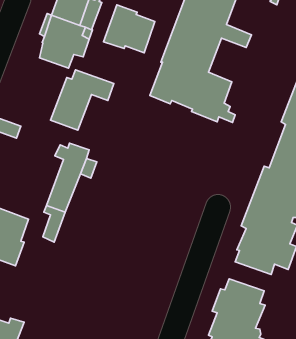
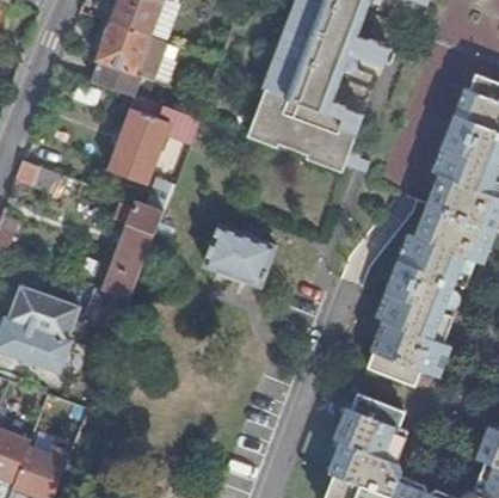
building: [104,5,155,53] -> none
building: none -> [203,225,275,285]

